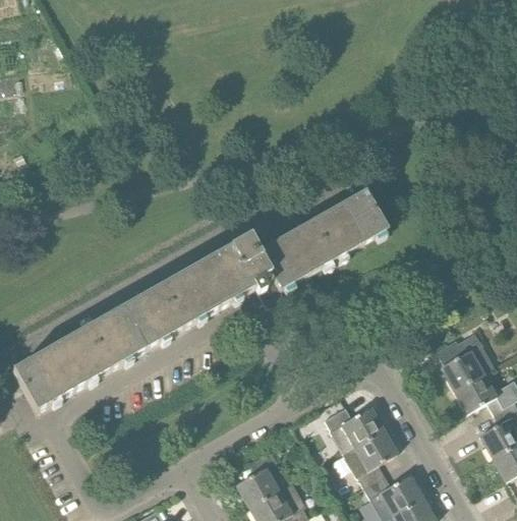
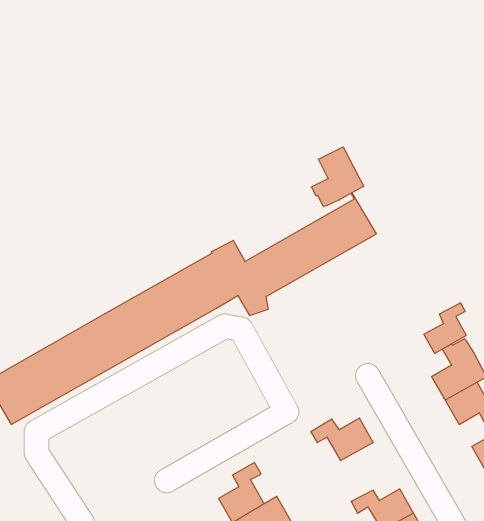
building: none -> [311,147,364,207]
building: none -> [424,303,466,354]
building: [340,426,396,483] -> none

